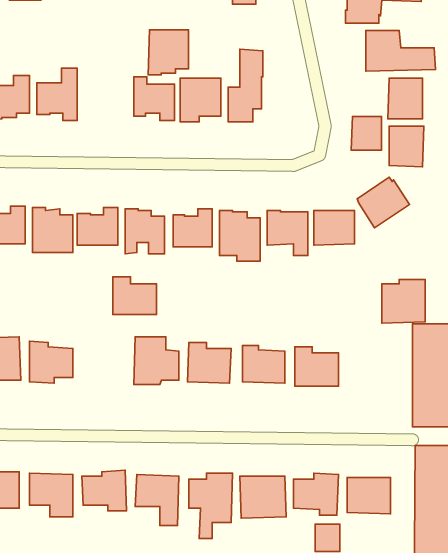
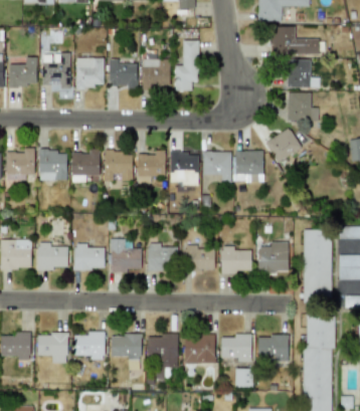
building: [148,30,189,75] -> [75,57,104,88]
building: [351,116,381,150] -> none
building: [113,277,156,314] -> [74,242,105,268]
building: [382,280,425,323] -> [257,242,288,272]

